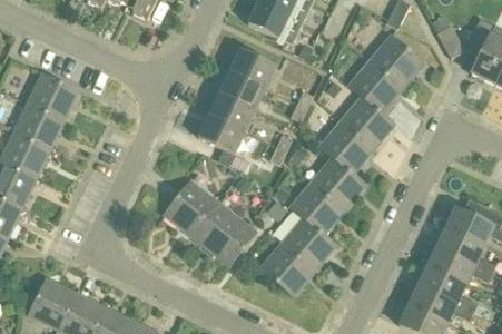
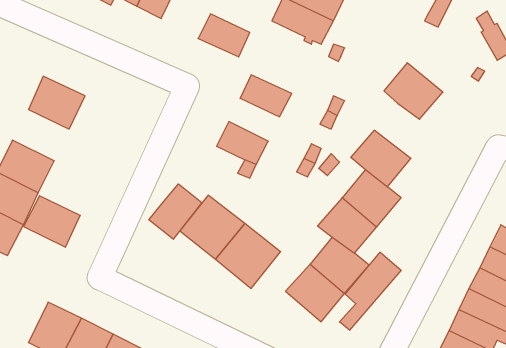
building: [371,35,424,87] -> none
building: [229,49,276,88] -> [198,14,250,57]
building: [209,92,255,131] -> none
building: [341,97,395,147] -> none
building: [13,102,65,149] -> [24,196,80,247]
building: none -> [149,184,202,239]
building: none -> [339,252,401,330]

